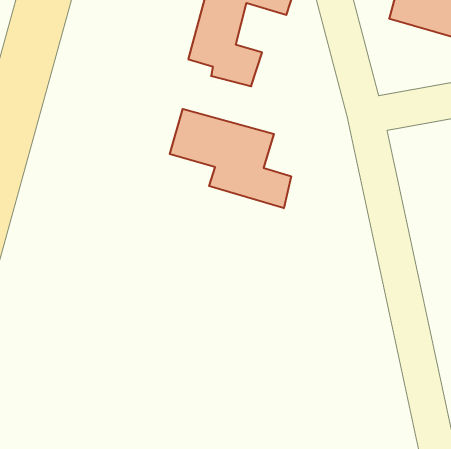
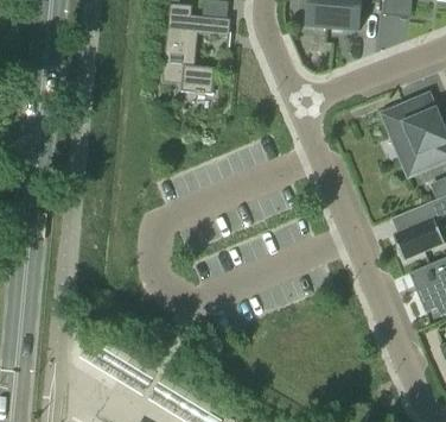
building: [170,109,291,208] -> none

